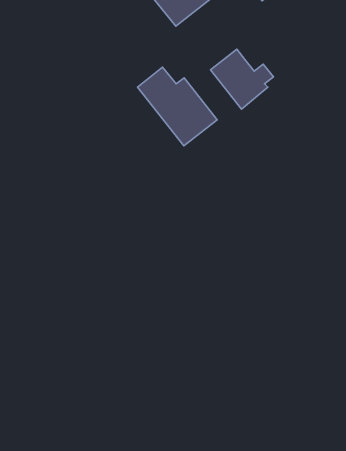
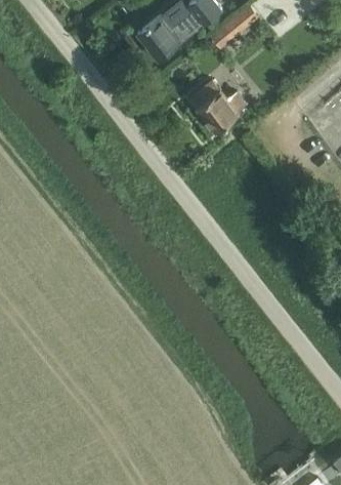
building: [137,67,217,146] -> none

